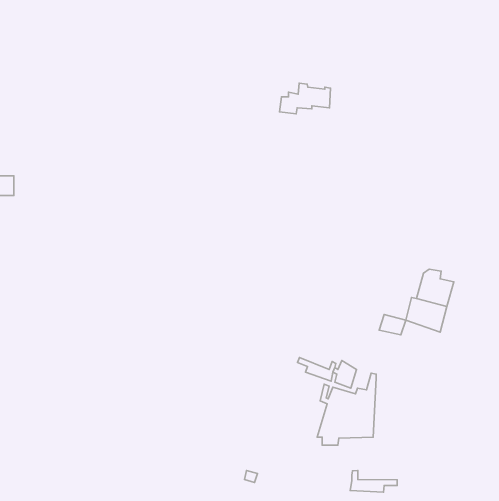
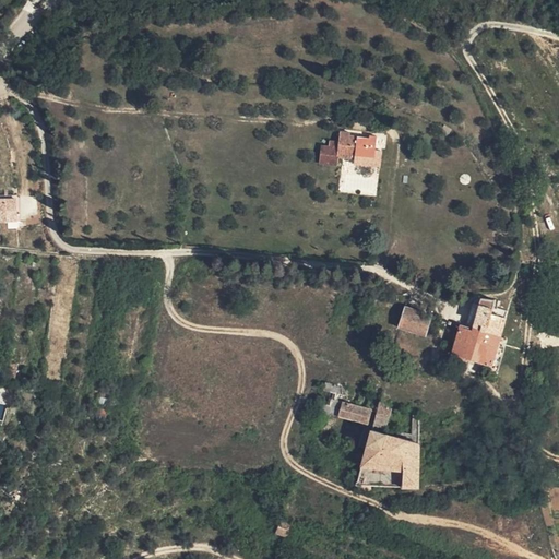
building: [280,83,331,114] -> [321,131,378,165]
building: [379,314,406,335] -> [401,311,430,334]
building: [350,470,397,492] -> none

